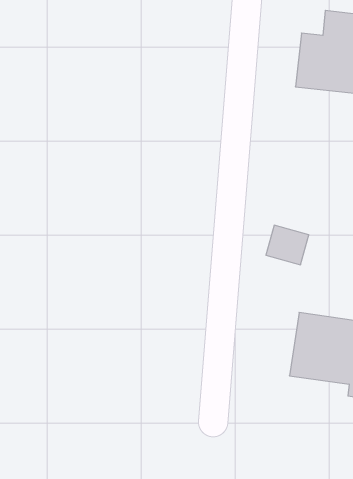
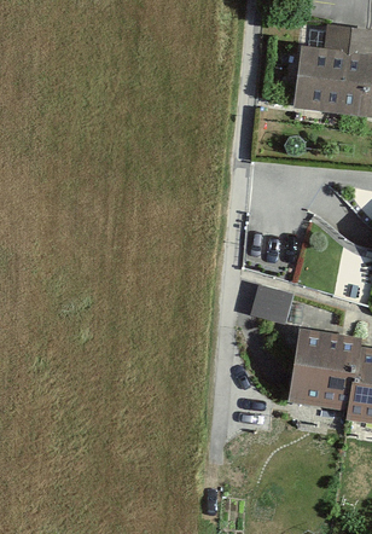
building: [266,225,309,265] -> [248,284,291,324]

